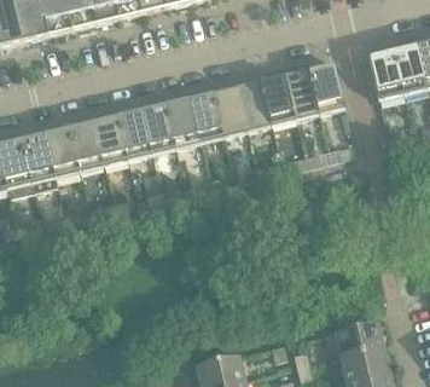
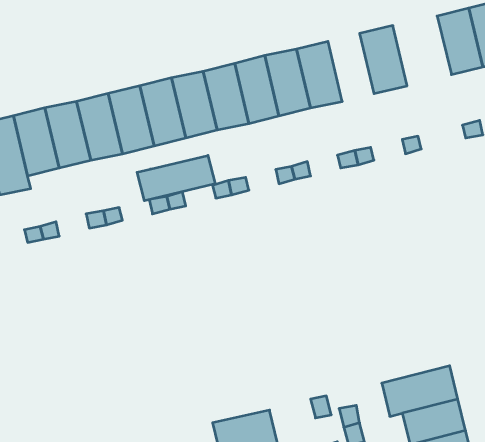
building: [285,67,320,119] -> none
building: none -> [137,155,215,201]

